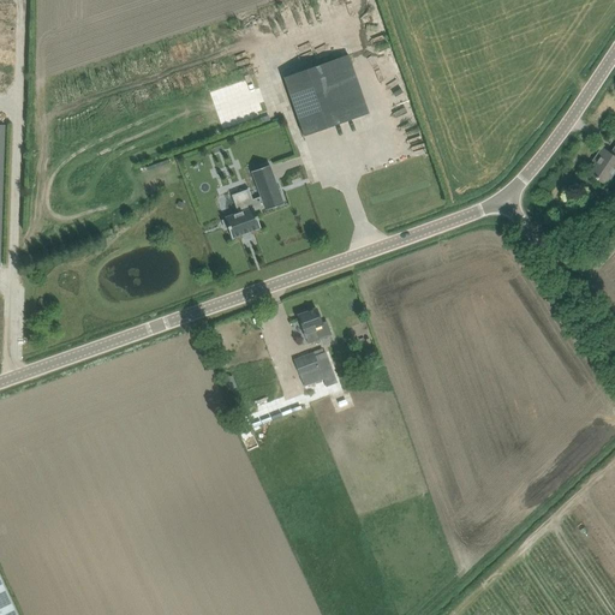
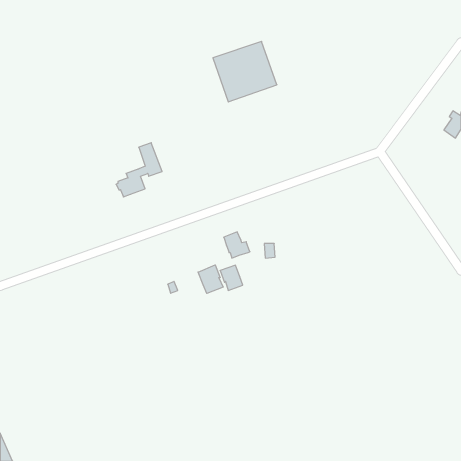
building: [222,166,283,238] -> [116,143,162,197]
building: none -> [198,265,223,293]

